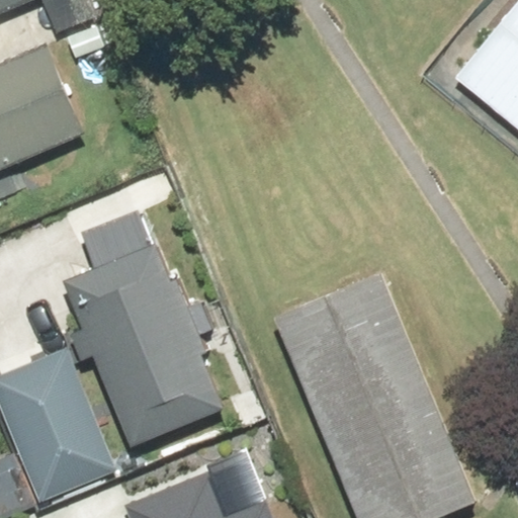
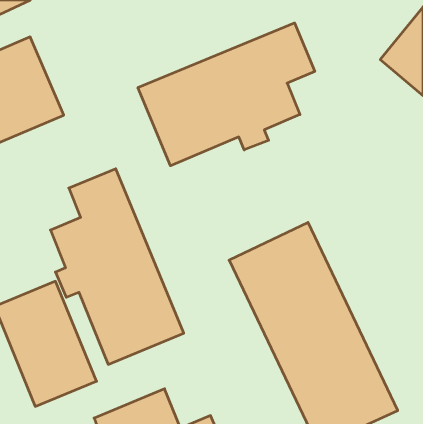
building: none -> [138,23,315,166]

